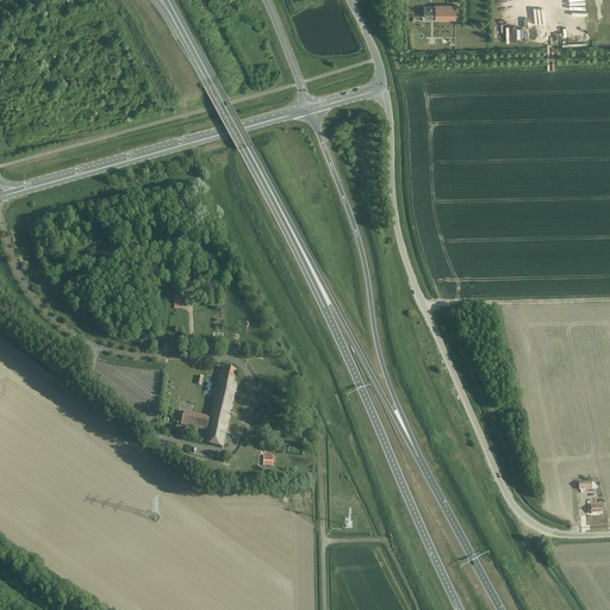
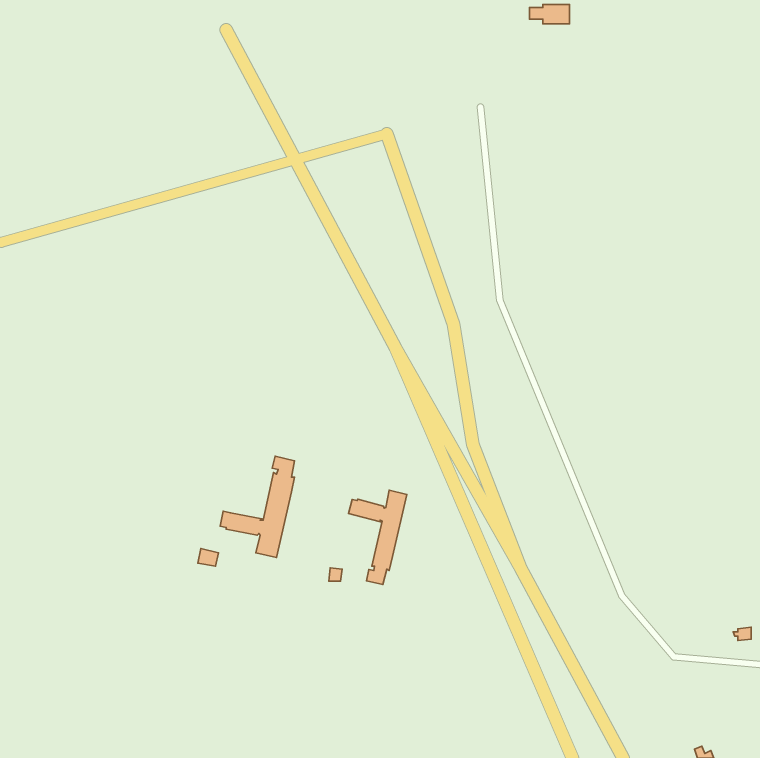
building: none -> [349,490,407,584]

